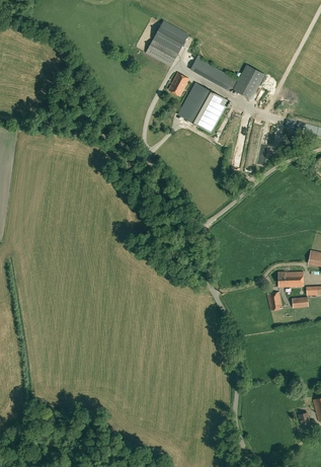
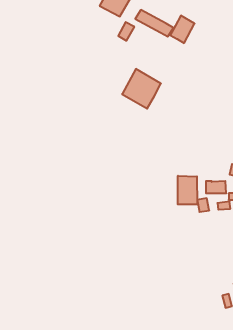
building: [179,83,228,133] -> [122,69,161,109]
building: none -> [178,176,197,204]

